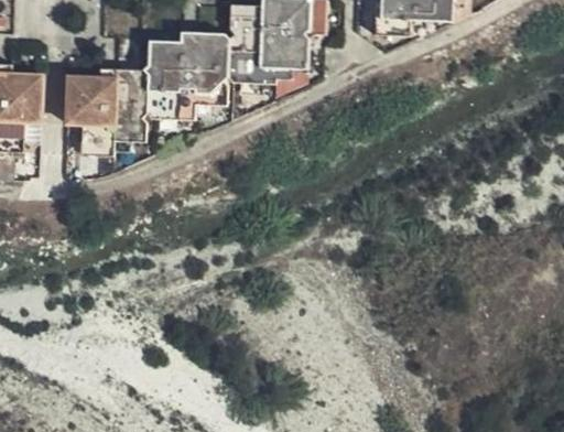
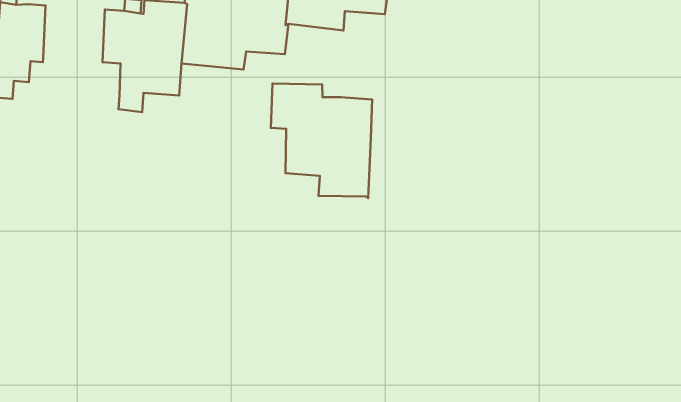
building: [67,77,100,144] -> none
building: none -> [271,83,372,198]

